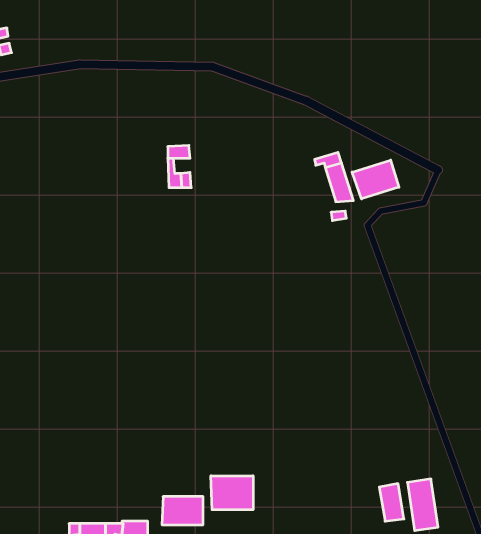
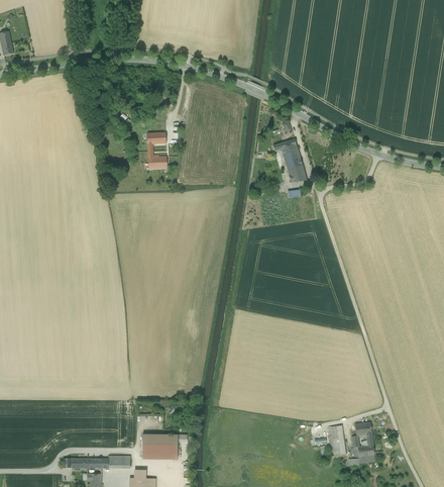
building: [352,160,399,199] -> none
building: [211,476,253,510] -> none

